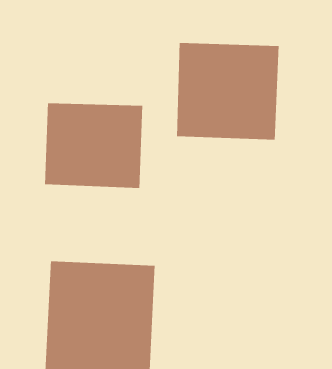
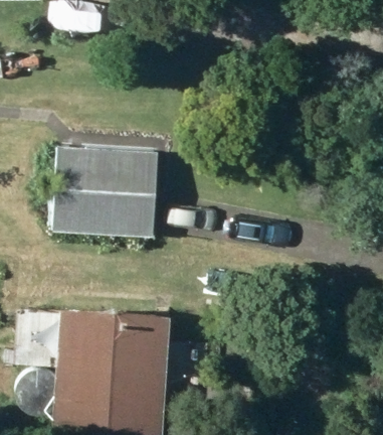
building: [176,42,279,140] -> none

